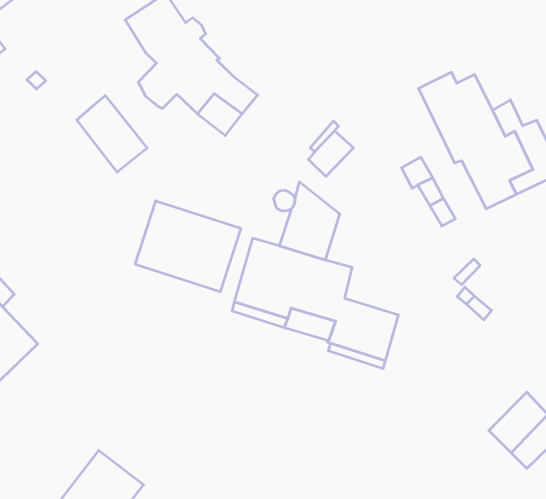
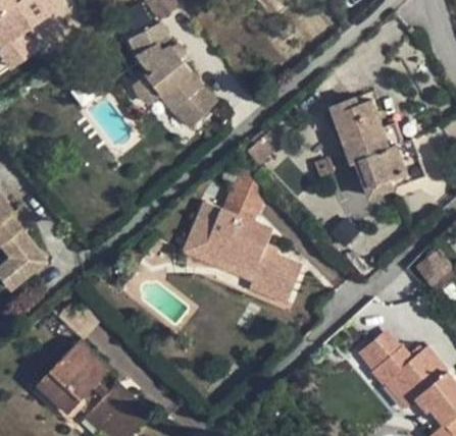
building: [77,96,147,172] -> none
building: [135,201,241,292] -> none

